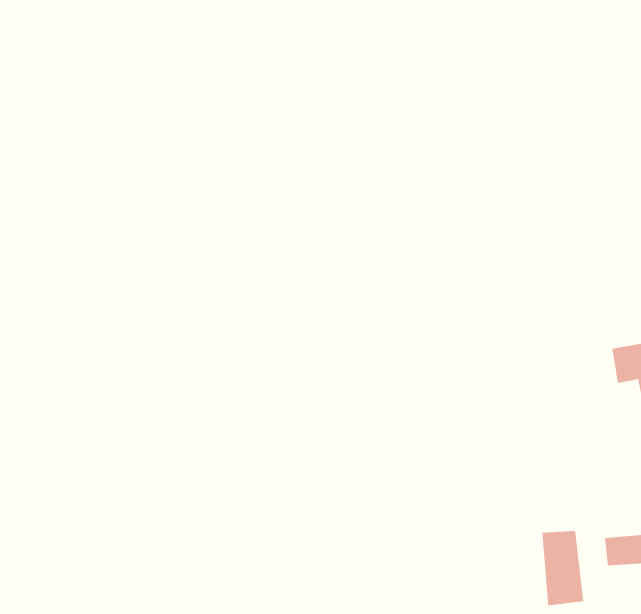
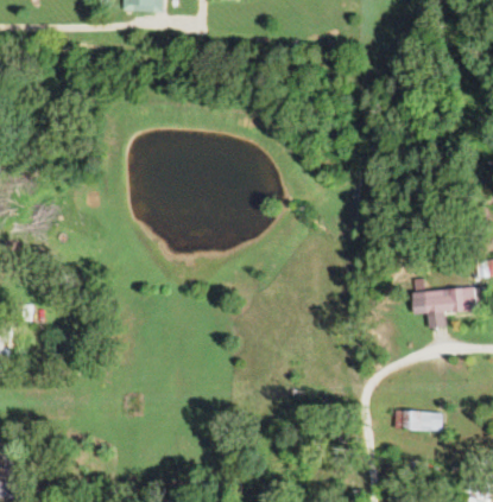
building: [542,530,584,606] -> none

